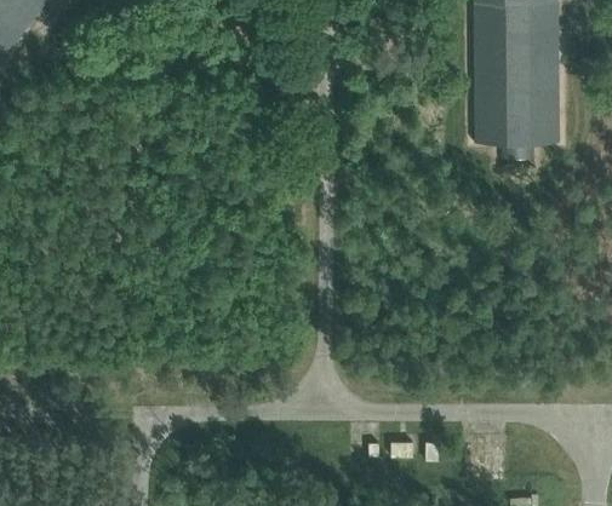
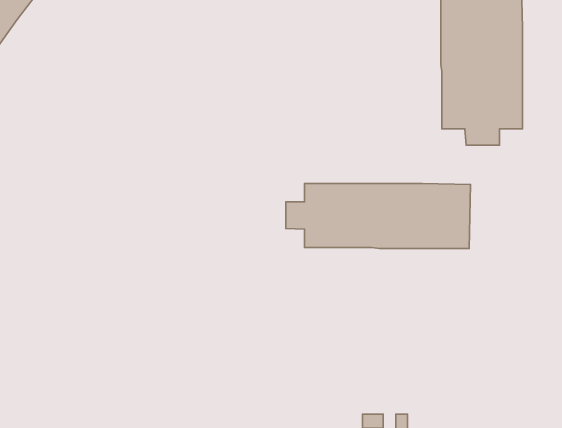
building: none -> [286,183,470,249]

